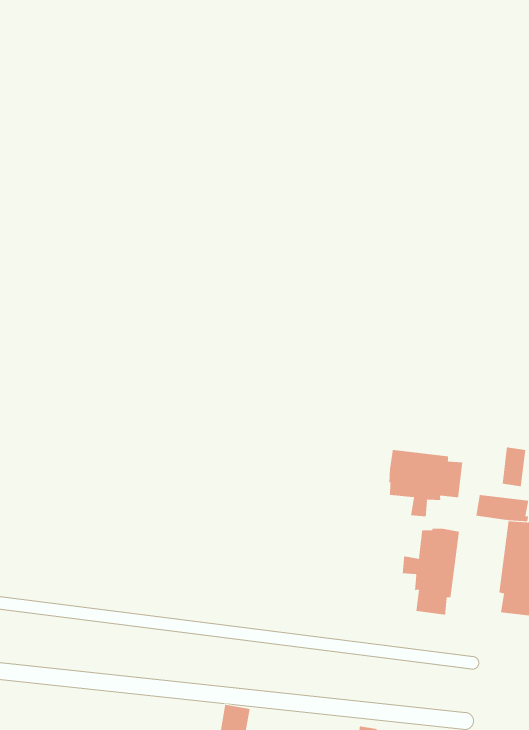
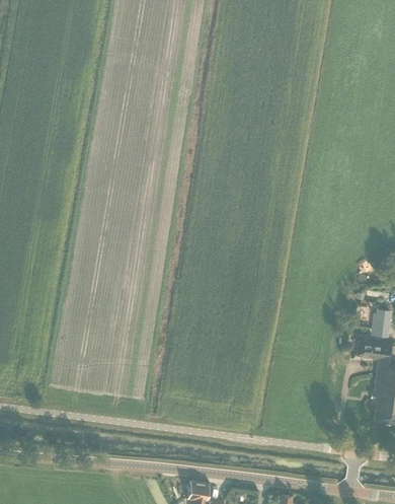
building: [389,449,463,517] -> none
building: [402,528,459,616] -> none

